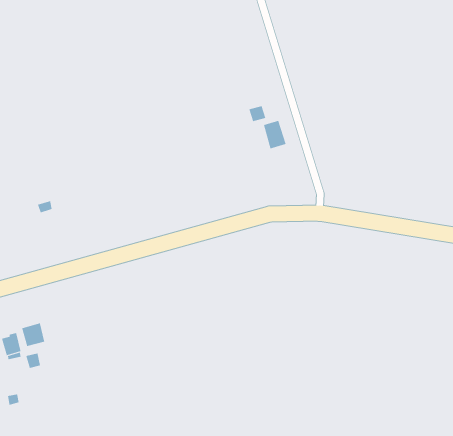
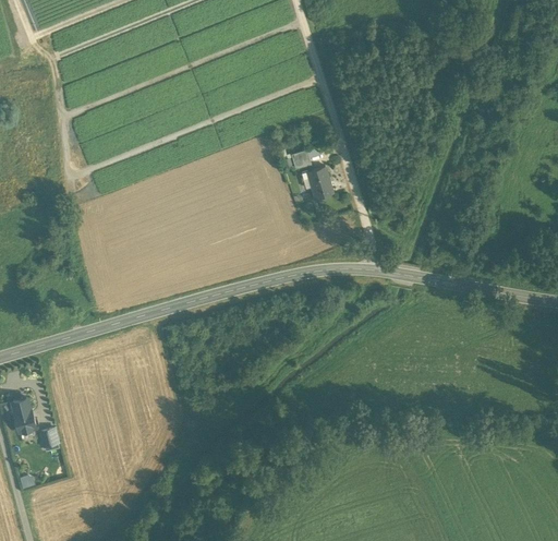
building: [21,323,45,347] -> none

